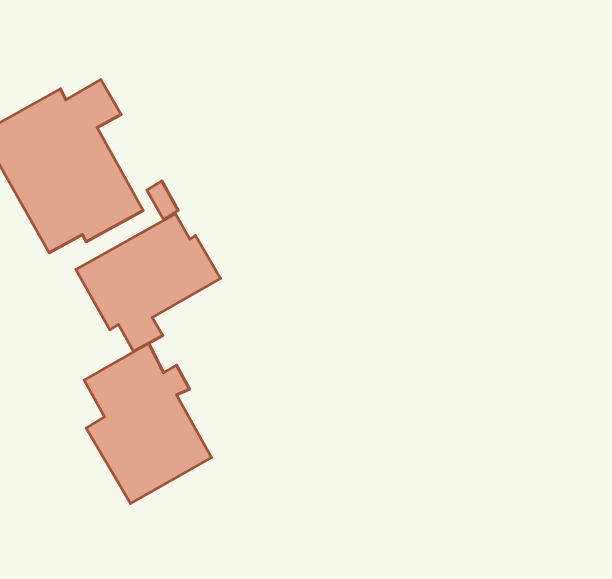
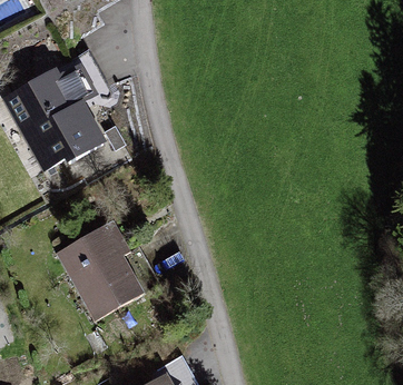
building: [76,214,220,352] -> none

